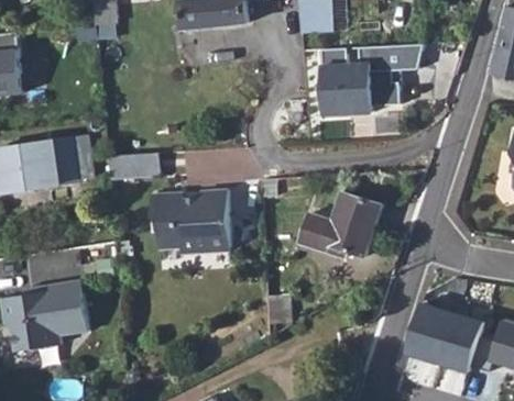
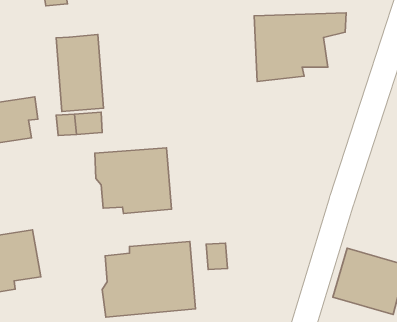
building: none -> [56,34,103,112]
building: [300,192,382,257] -> none
building: none -> [102,242,196,317]

